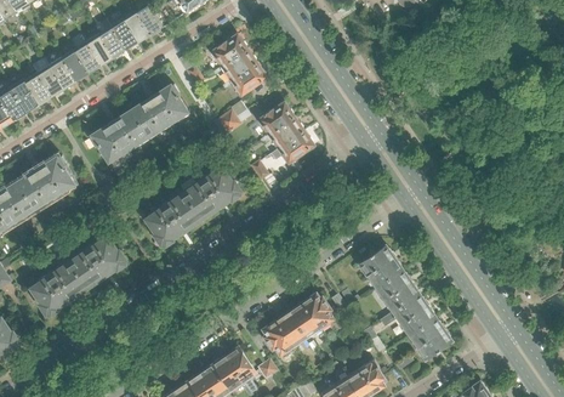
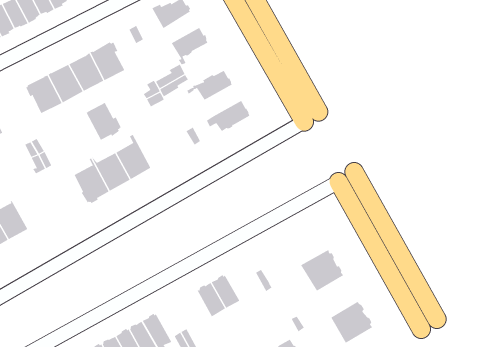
building: [221,49,256,81] -> none
building: [266,117,303,149] -> none
building: [200,168,240,205] -> [82,102,121,140]
building: [87,237,125,276] -> none
building: [359,245,401,288] -> none
building: [302,294,334,328] -> none
building: [393,294,434,336] -> none
building: [262,321,292,356] -> none

